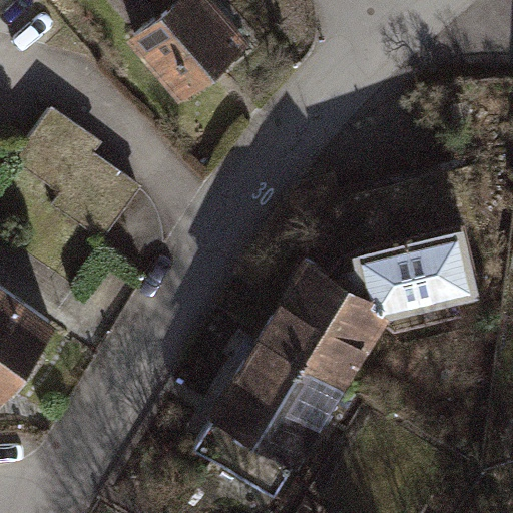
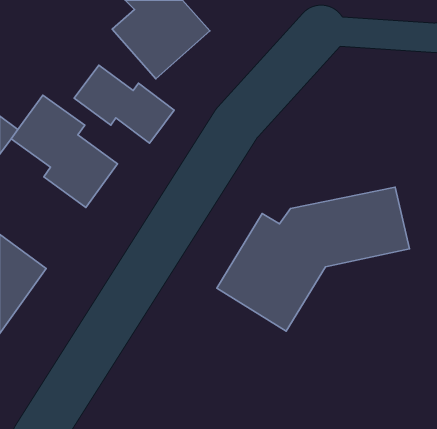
building: none -> [74,65,174,143]
building: [192,348,335,497] -> none

